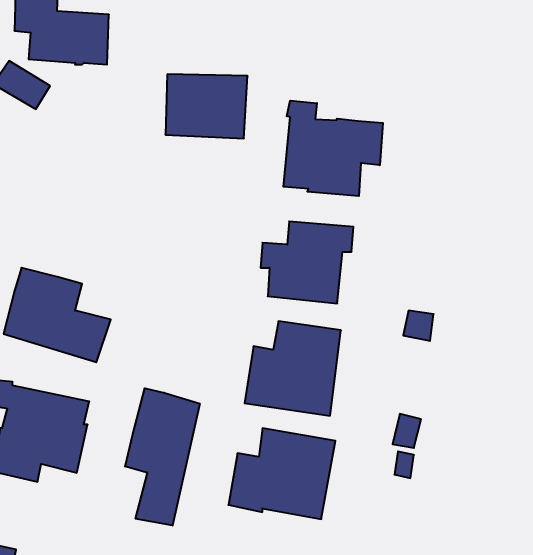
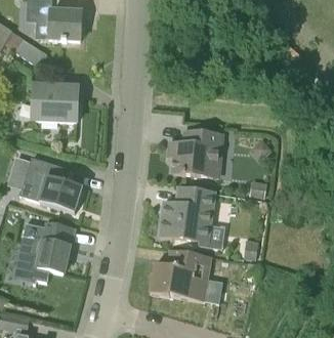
building: [165,74,248,138] -> [31,85,78,122]
building: [283,101,383,196] -> none
building: [125,388,200,526] -> none

